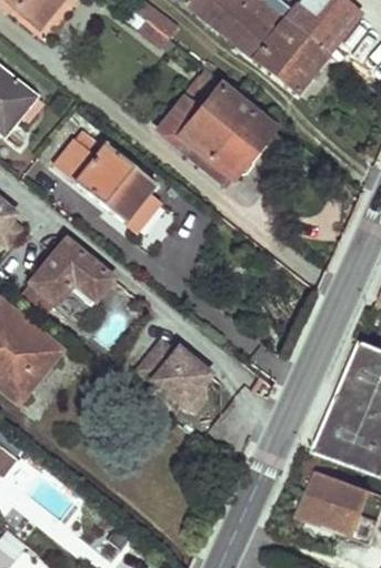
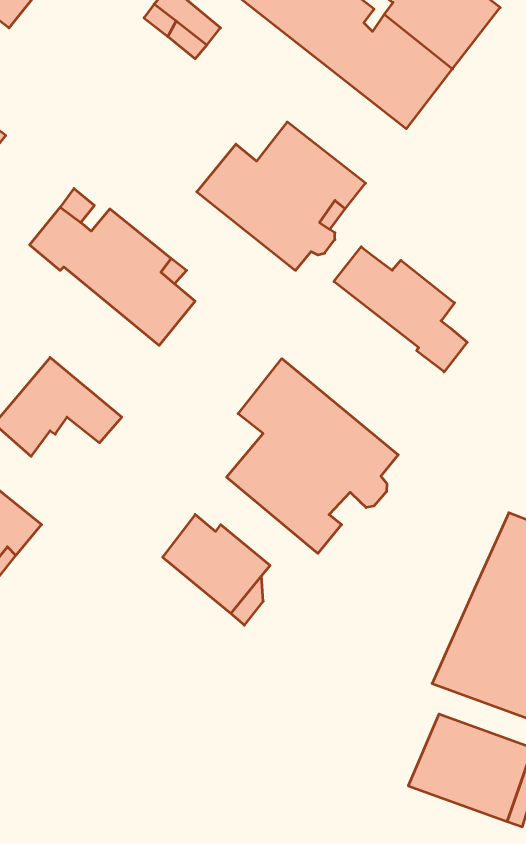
building: none -> [334,247,467,372]
building: none -> [227,359,398,553]

